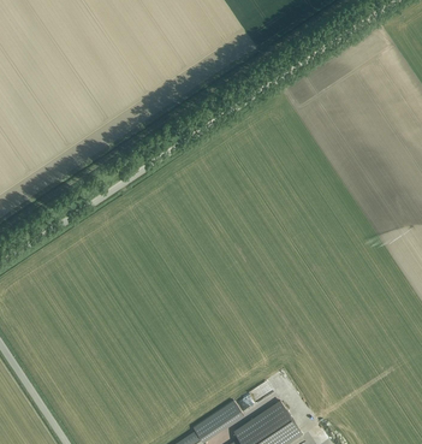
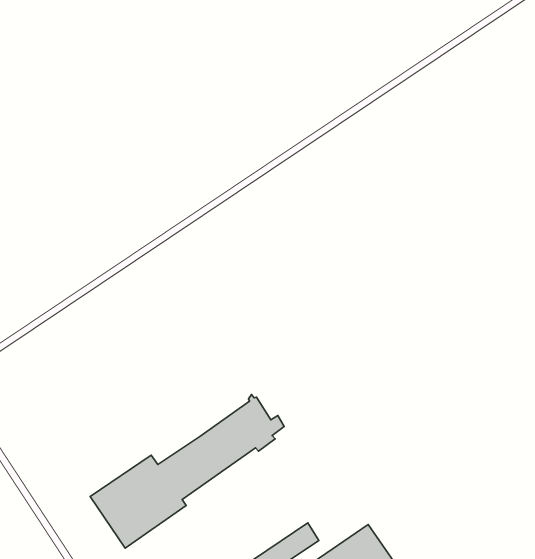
building: none -> [90,395,284,548]

